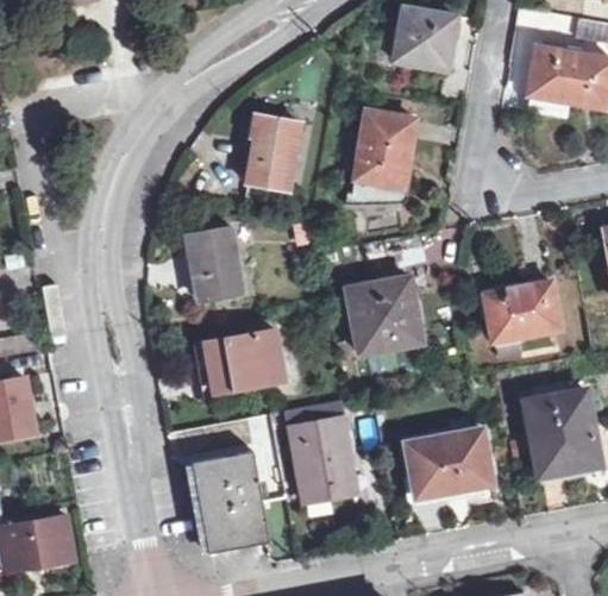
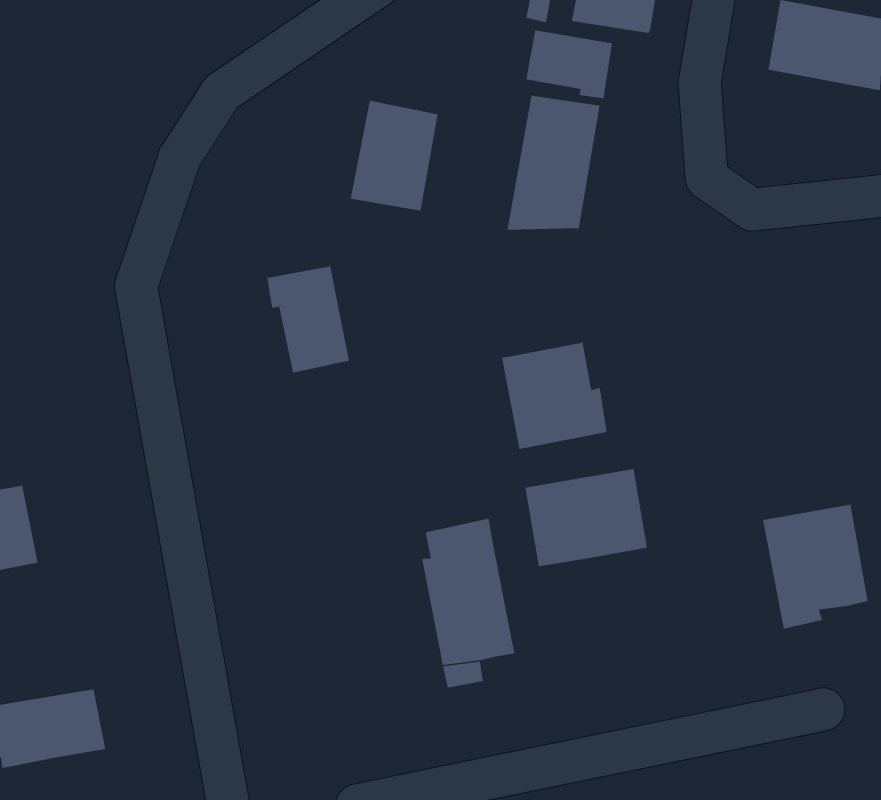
building: none -> [525,30,613,99]
building: [482,281,557,340] -> none
building: [203,332,284,393] -> none
building: [406,429,490,497] -> [524,468,648,567]
building: [192,451,269,553] -> none

